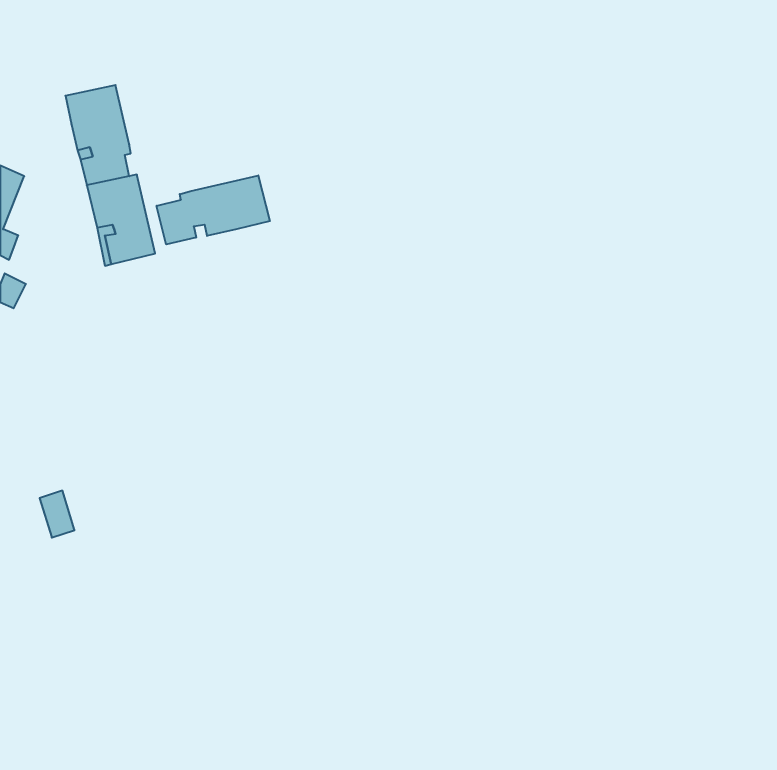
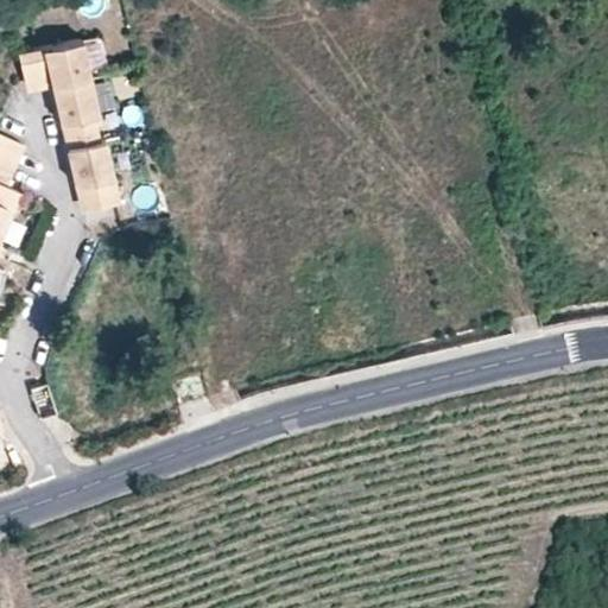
building: none -> [14,39,90,87]
building: [157,175,270,244] -> none

